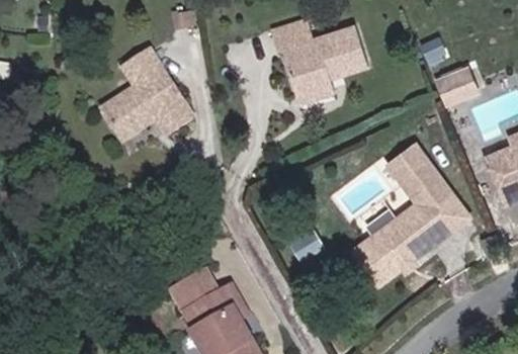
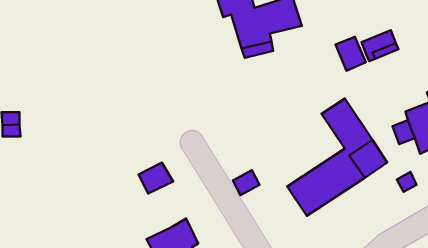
building: [103,49,193,143] -> none
building: none -> [336,37,366,71]
building: [174,273,214,309] -> [139,162,173,193]

